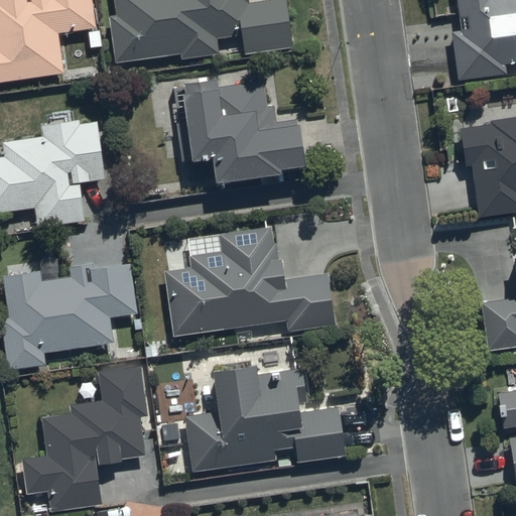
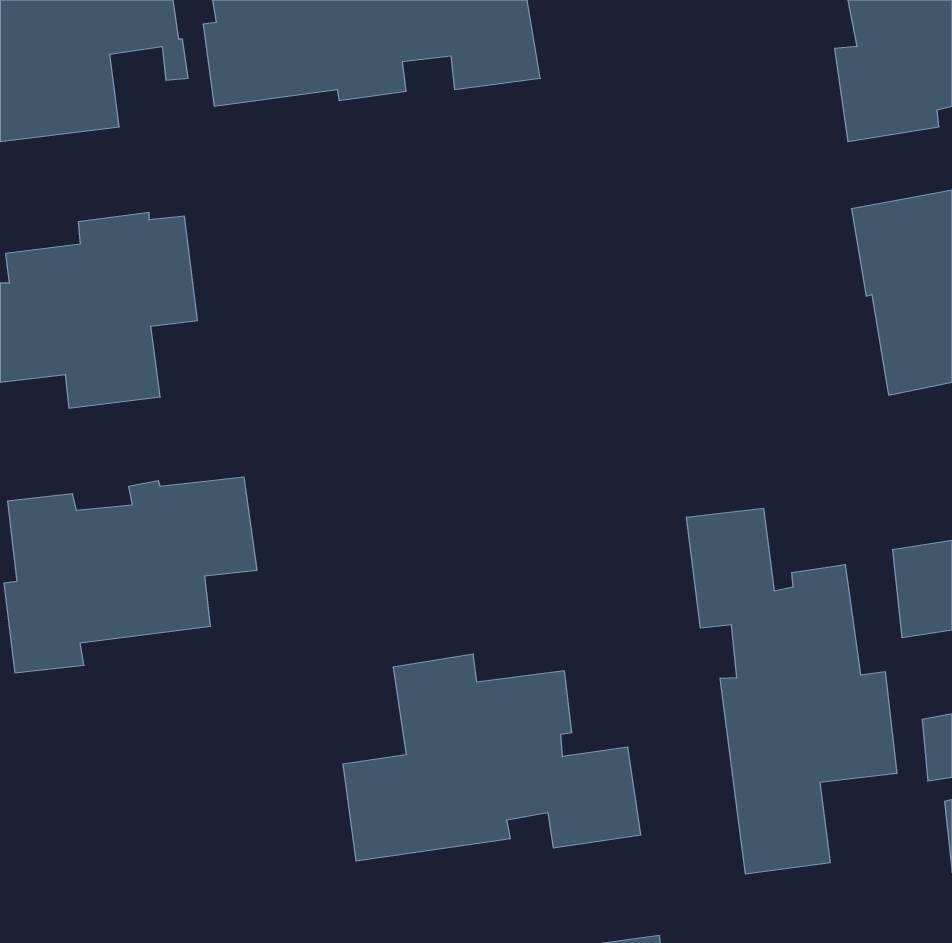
building: [175,79,307,178] -> none
building: [164,227,337,337] -> none
building: none -> [687,508,897,874]
building: [22,366,149,511] -> none

